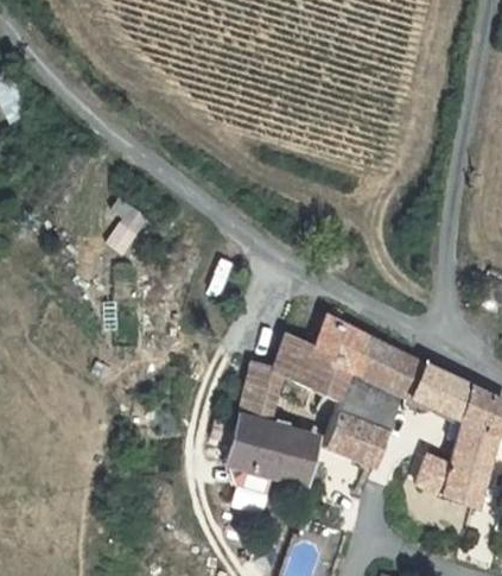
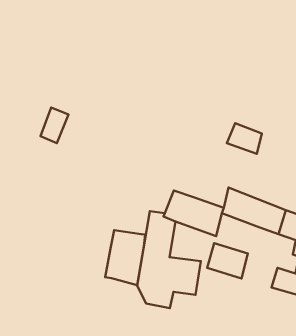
building: [317,317,368,363] -> [227,123,262,154]
building: [341,371,407,431] -> none
building: none -> [105,230,145,285]

